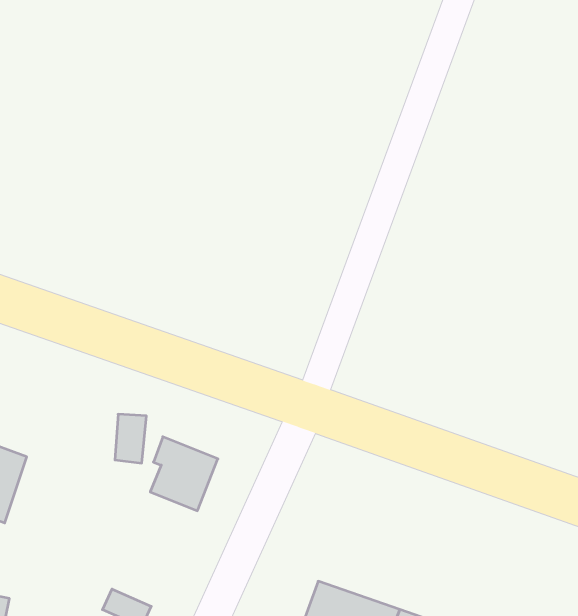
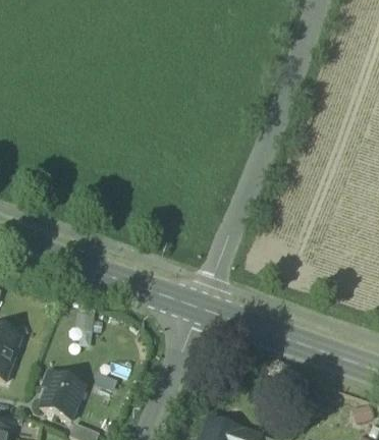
building: [150,437,218,511] -> [40,371,84,419]

